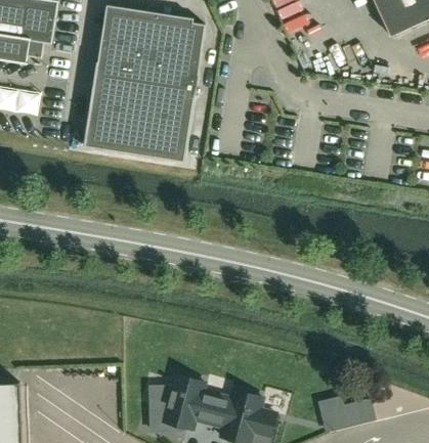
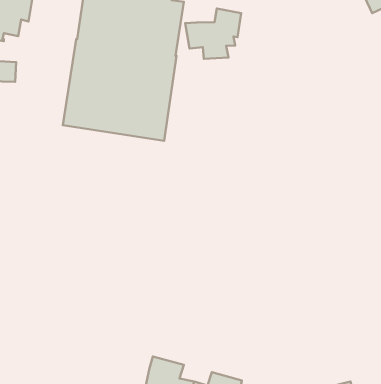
building: none -> [185,9,241,59]

